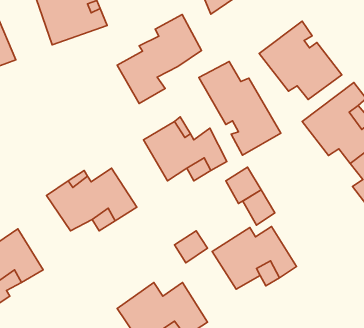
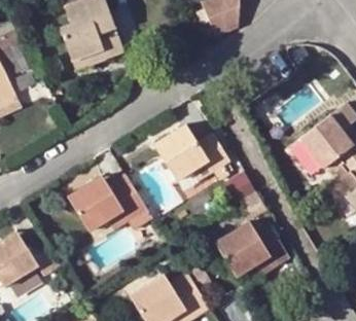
building: [117,14,202,104] -> none
building: [259,21,342,99] -> none
building: [199,61,281,155] -> none

